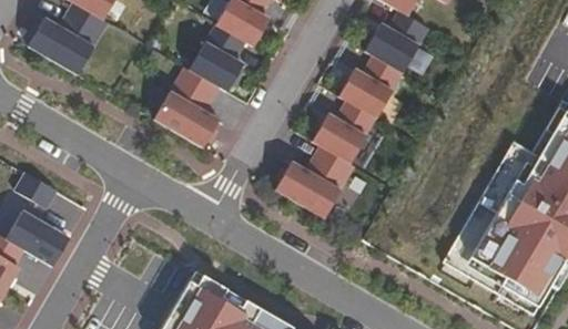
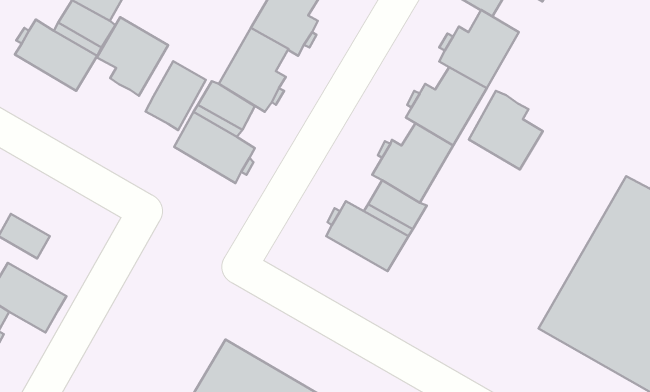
building: none -> [97,17,168,96]
building: none -> [146,61,206,130]
building: none -> [469,91,543,170]

